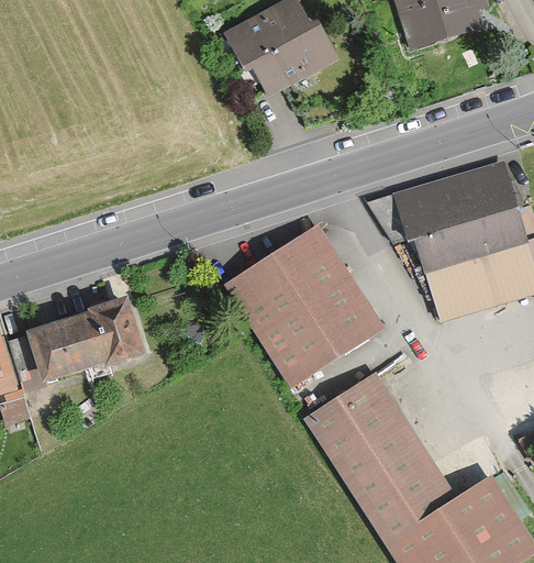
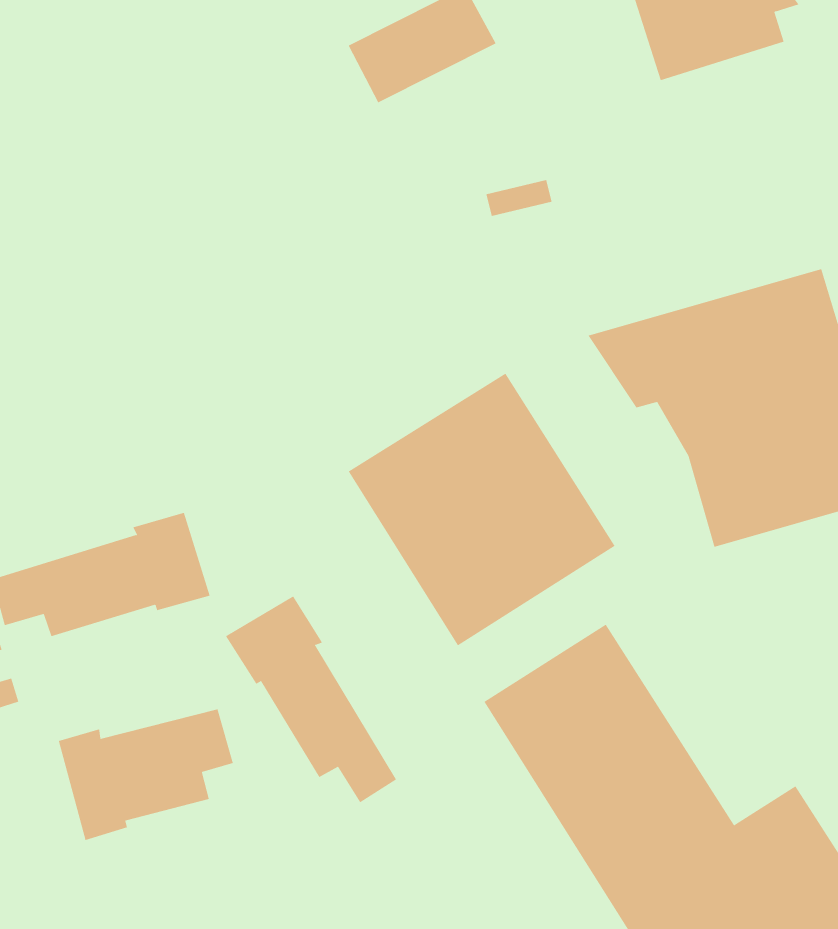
building: [234,23,338,102] -> none
building: none -> [225,595,397,803]
building: none -> [58,709,234,841]

